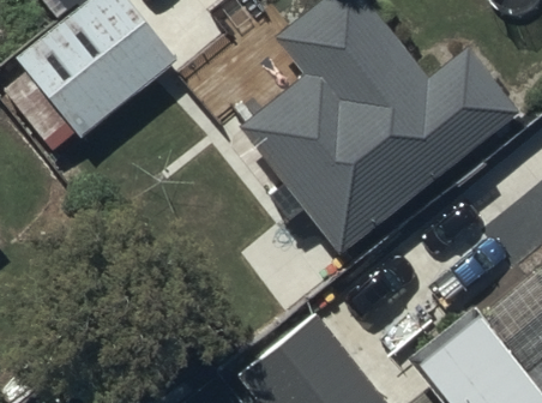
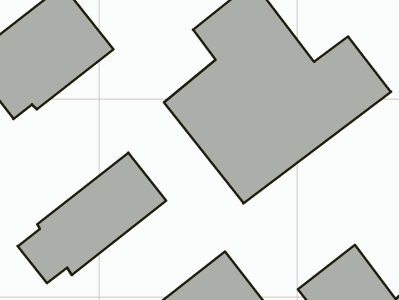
building: none -> [18,153,166,283]

